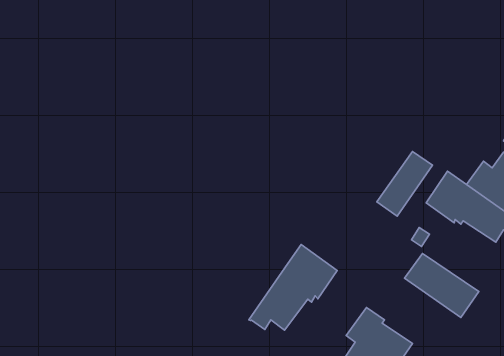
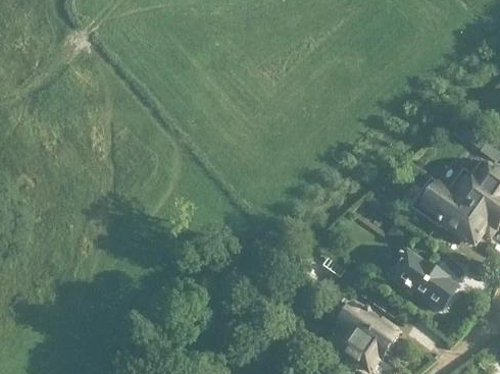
building: [377,152,433,216] -> none
building: [249,244,337,330] -> none

